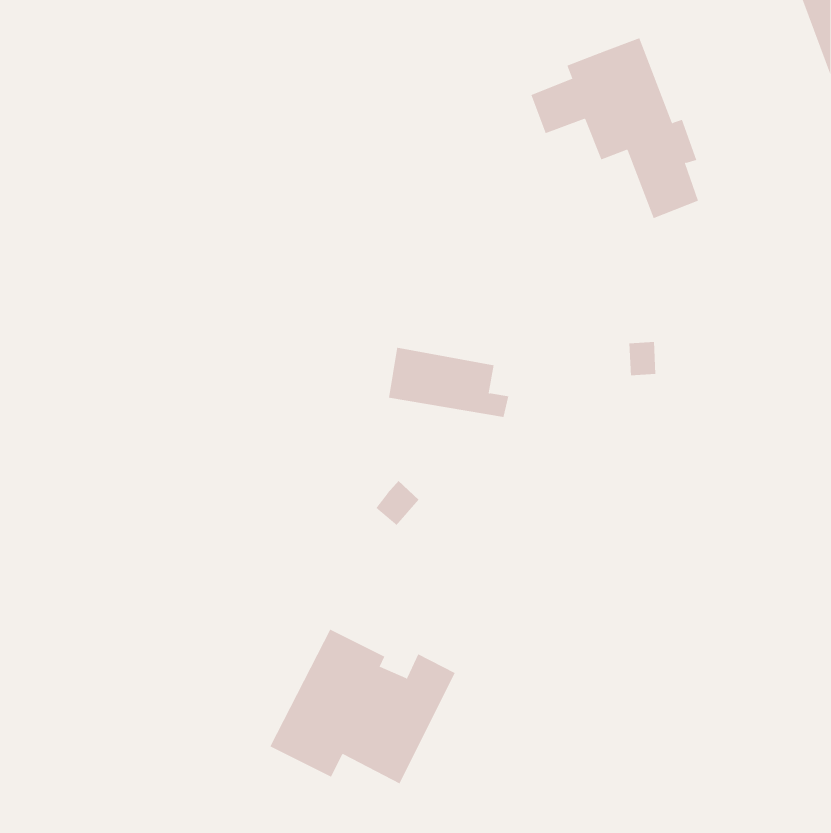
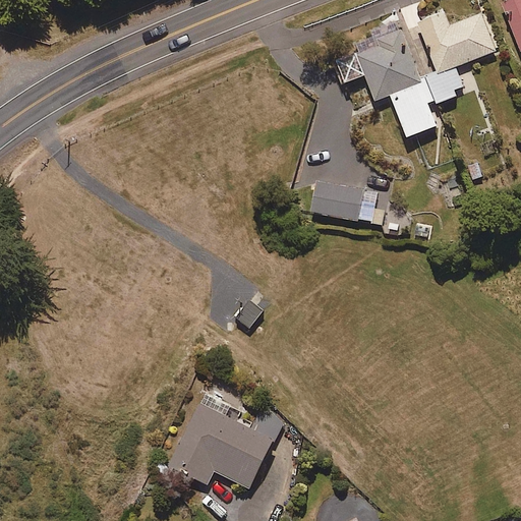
building: none -> [409,12,495,103]
building: [388,347,509,417] -> [309,180,385,224]

